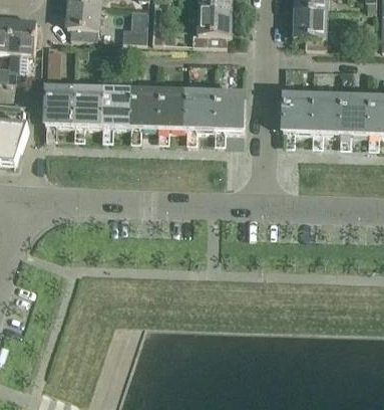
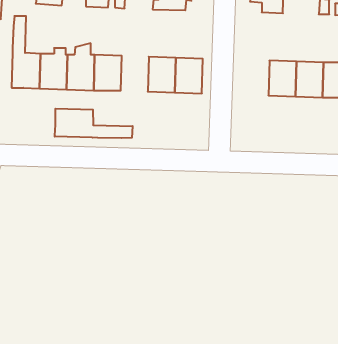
building: [157,90,186,128] -> none
building: [282,94,312,132] -> none
building: none -> [55,109,133,138]

